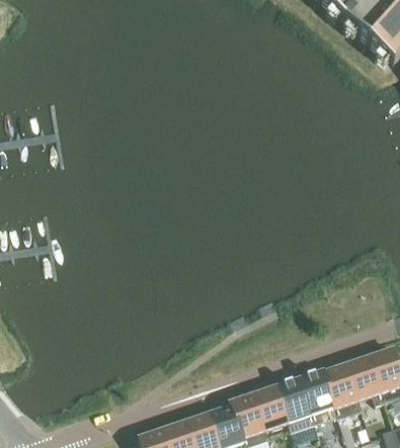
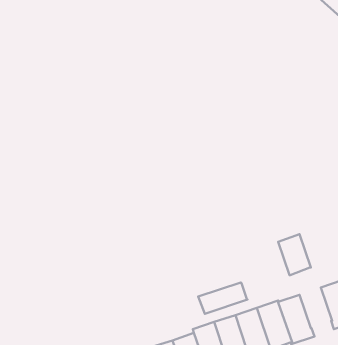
building: none -> [198,282,247,314]
building: [348,353,384,397] -> [278,234,311,275]

